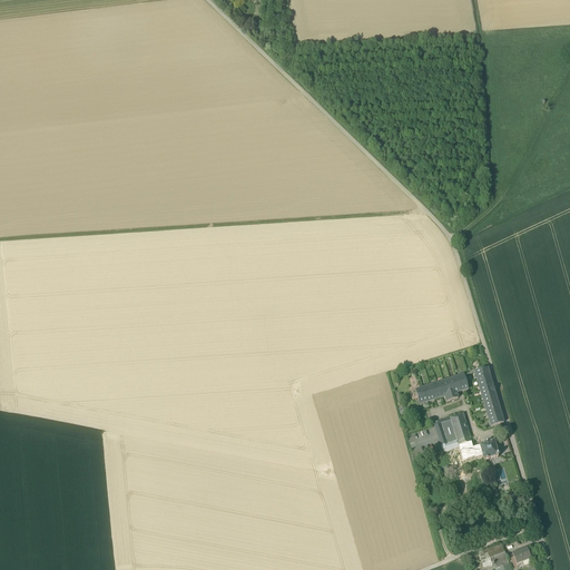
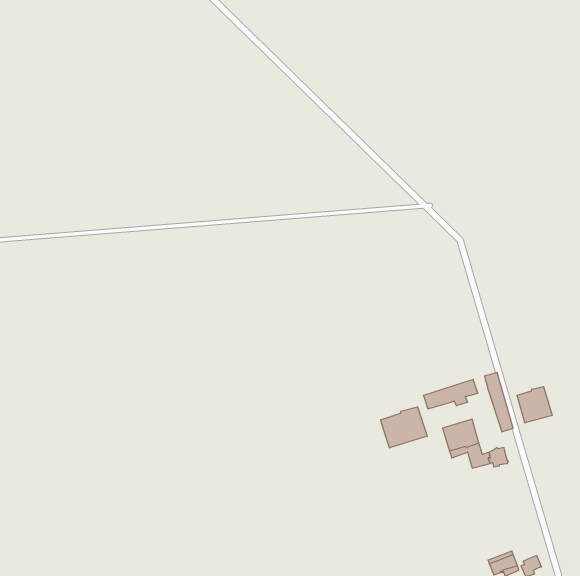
building: none -> [517,387,552,423]
building: none -> [381,407,427,448]

